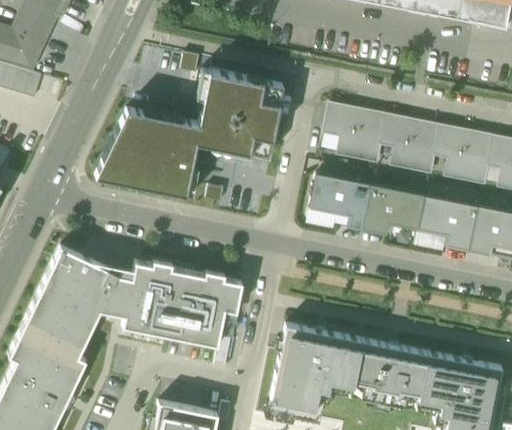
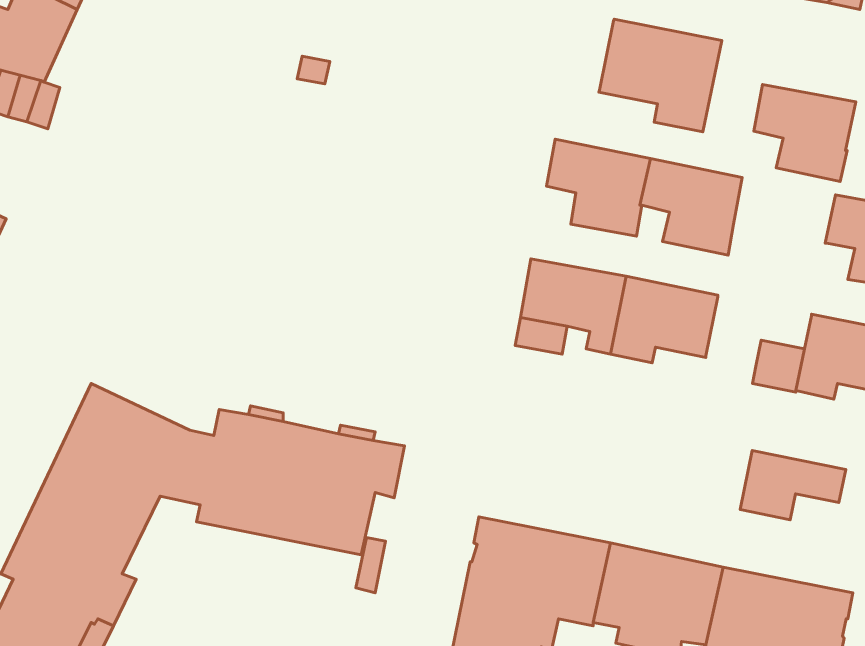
building: none -> [599,19,722,132]
building: [95,70,284,194] -> none
building: [434,127,493,183] -> [754,85,856,182]
building: [418,196,479,236] -> [740,451,846,520]

